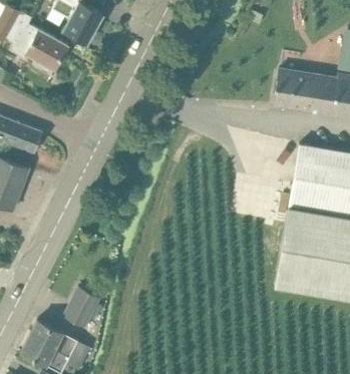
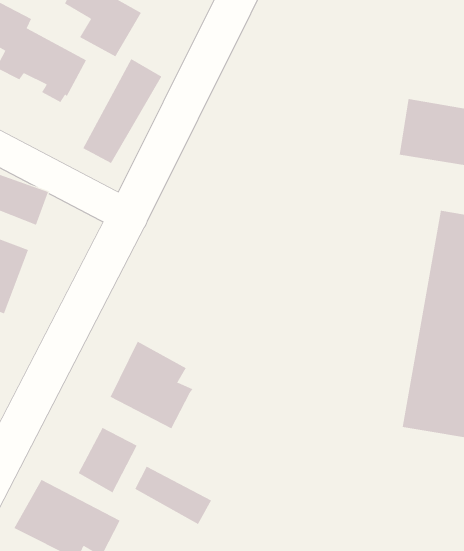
building: none -> [82,58,162,164]
building: none -> [110,341,193,429]
building: none -> [135,466,212,525]

